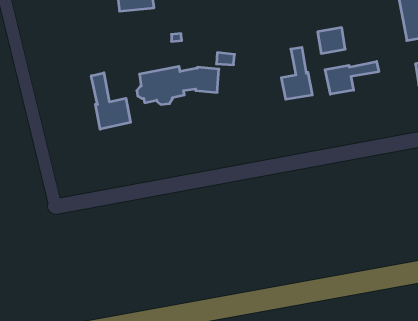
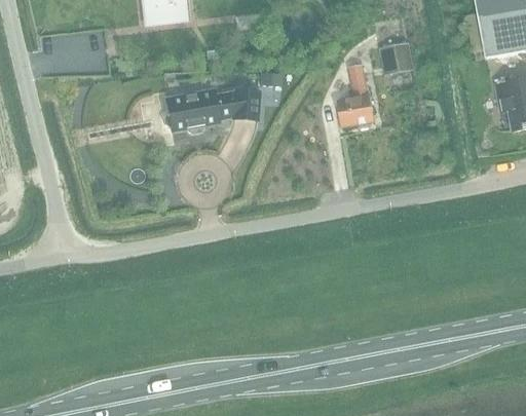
building: [325,61,379,94] -> none
building: [91,73,131,129] -> none

